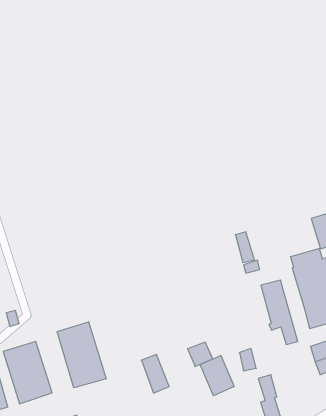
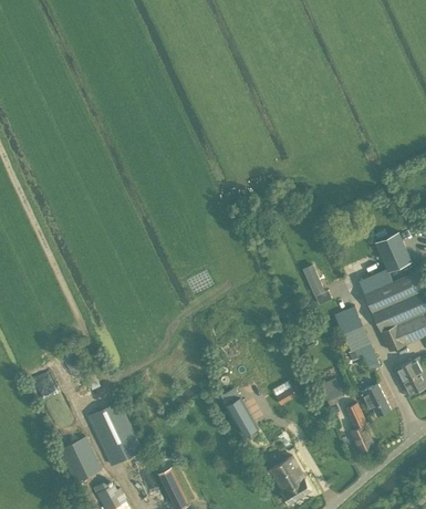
building: [57,322,106,388] -> none
building: [200,355,234,396] -> none
building: none -> [361,384,389,415]

